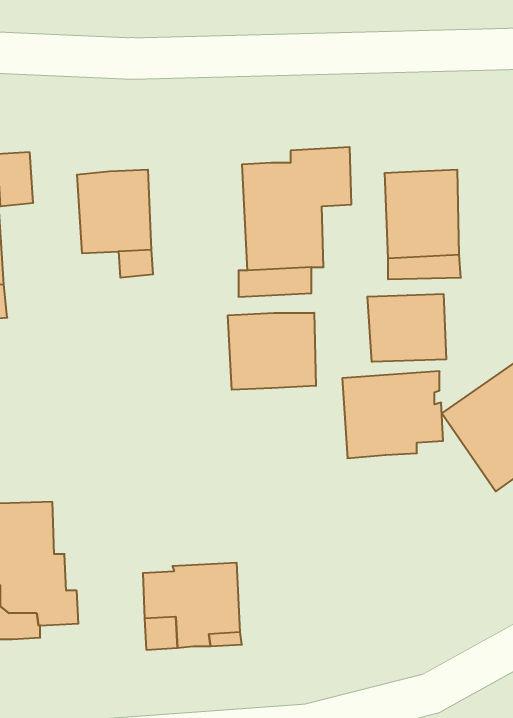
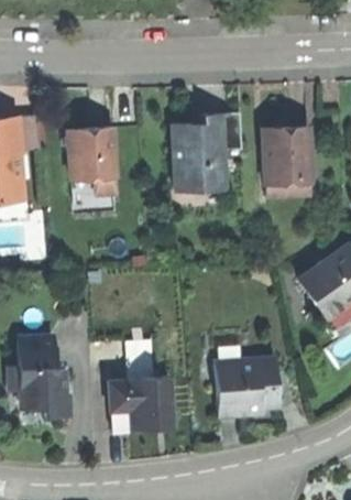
building: [367,294,446,362] -> none
building: [228,313,316,390] -> none
building: [342,371,443,458] -> [215,358,278,413]

